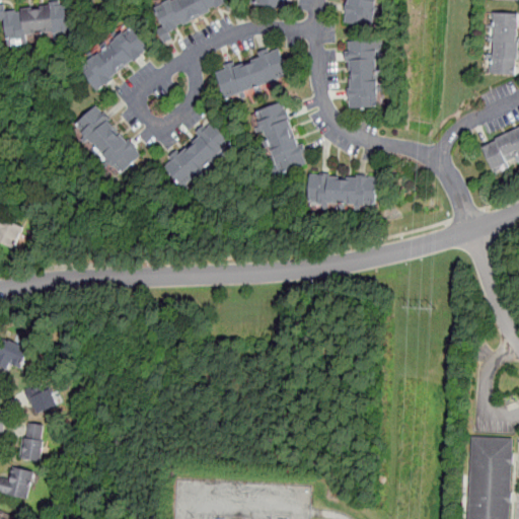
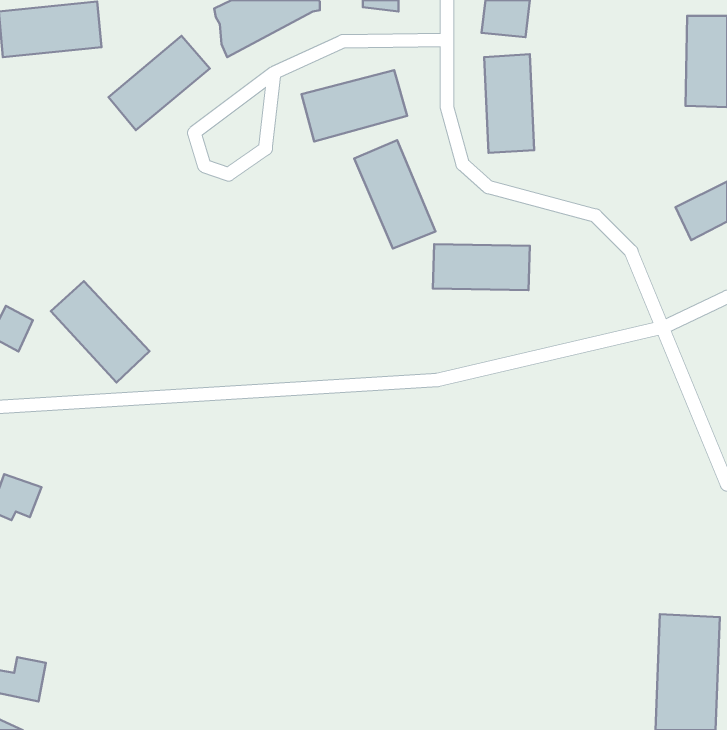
building: [72,104,142,176] -> [51,281,150,383]
building: [160,120,236,193] -> none
building: [23,380,57,414] -> none
building: [18,422,44,460] -> none

